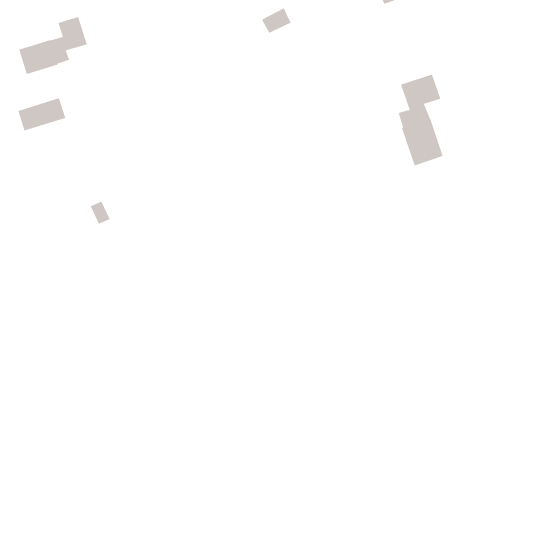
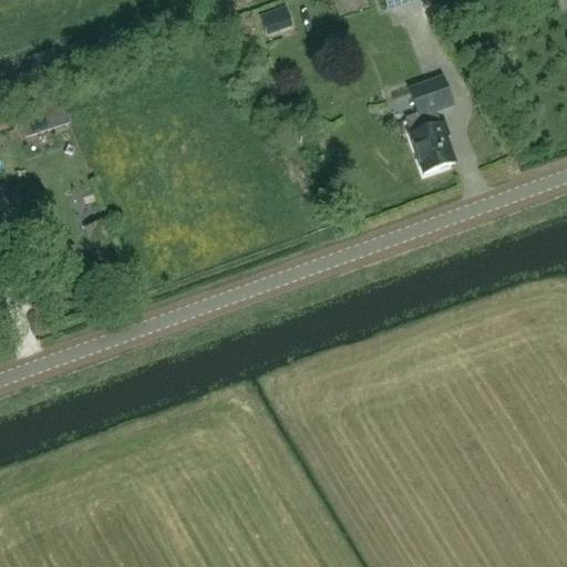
building: [18,16,87,75] -> none

